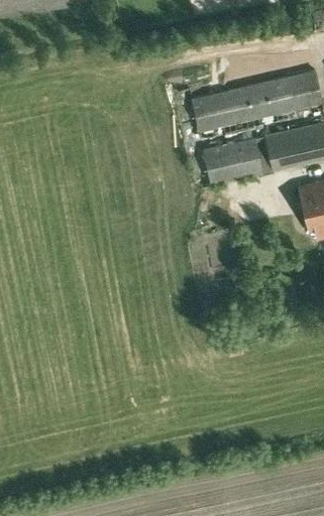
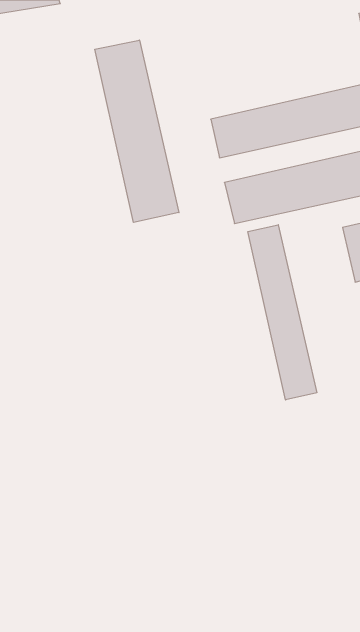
building: none -> [95,40,179,222]
building: none -> [248,225,317,400]

